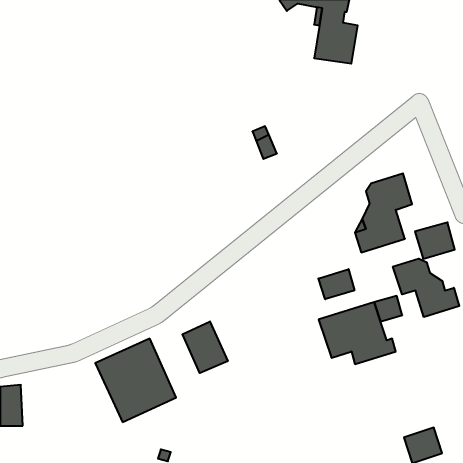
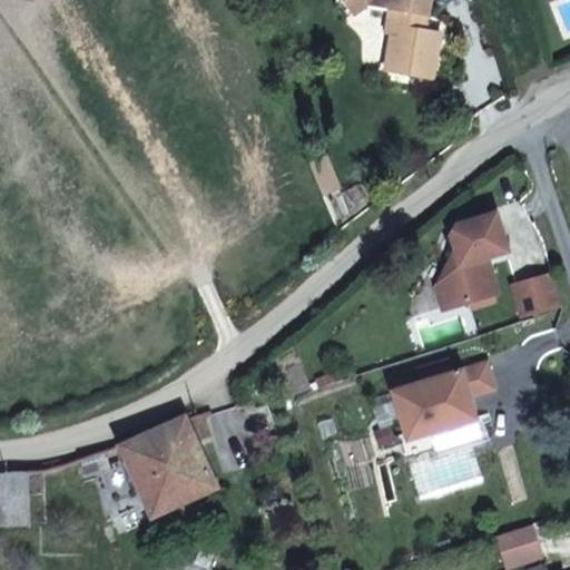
building: [393,259,459,317] -> none
building: [318,269,354,299] -> none
building: [182,321,228,373] -> none

